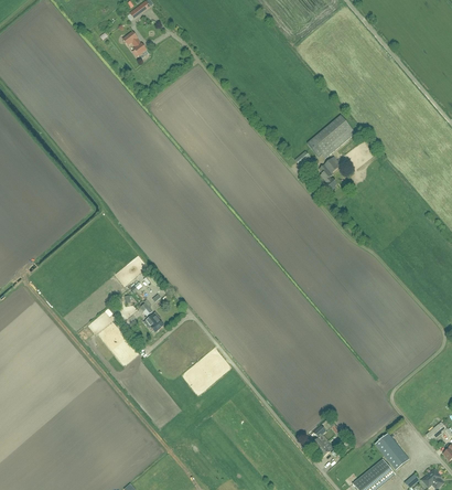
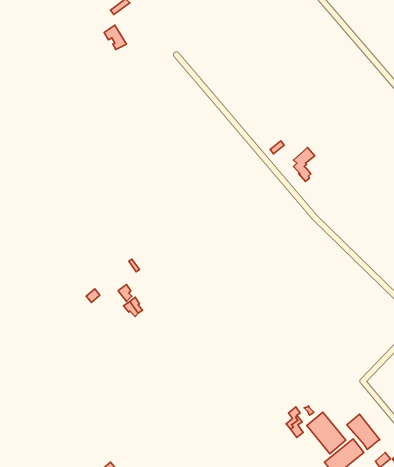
building: [306,115,354,158] -> none
building: none -> [307,412,346,454]

